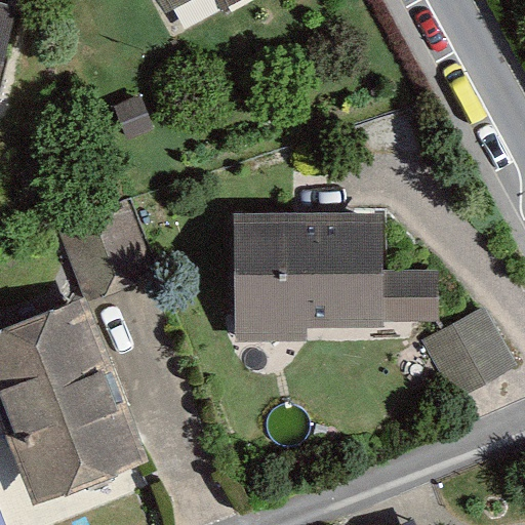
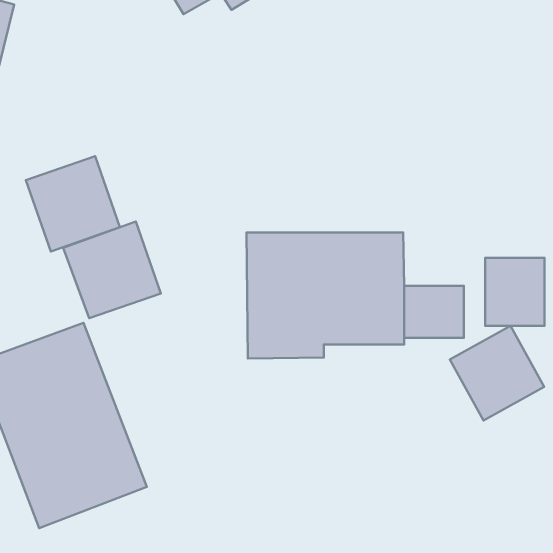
building: none -> [26,156,120,251]
building: none -> [485,258,544,326]

